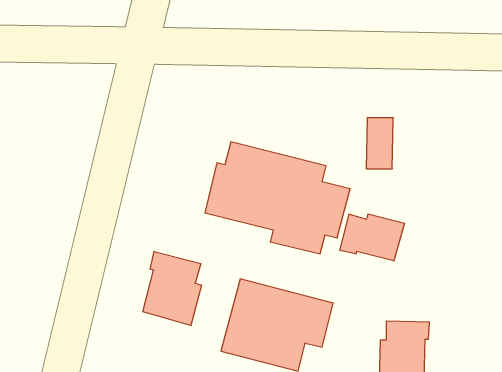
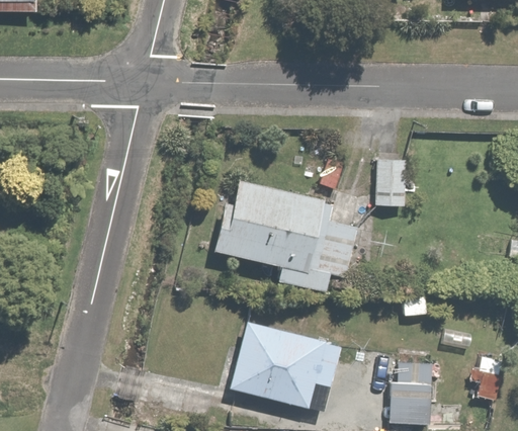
building: [340,214,405,261] -> none
building: [143,251,201,326] -> none

